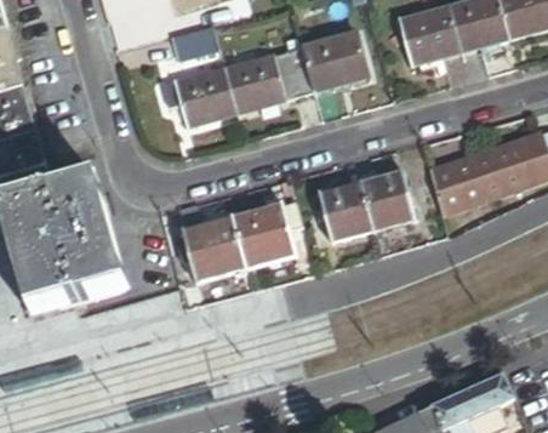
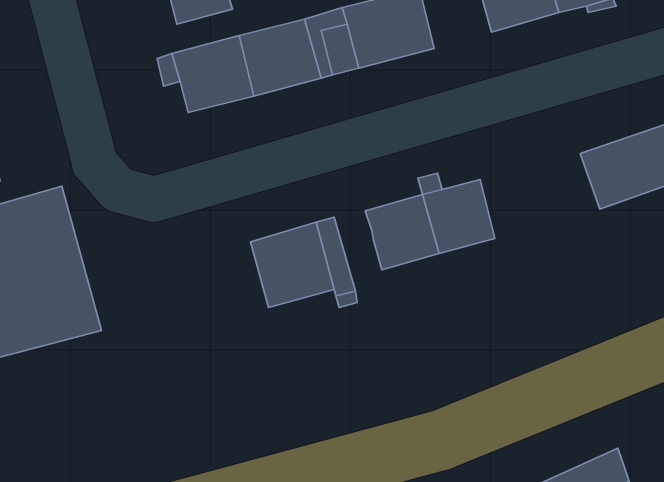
building: [428,154,490,213] -> none
building: [182,220,245,281] -> none

